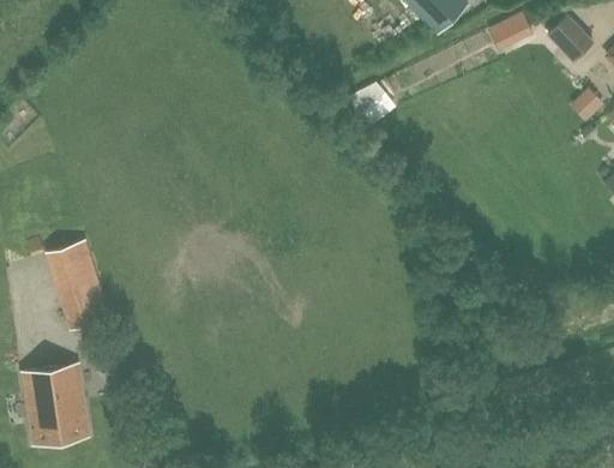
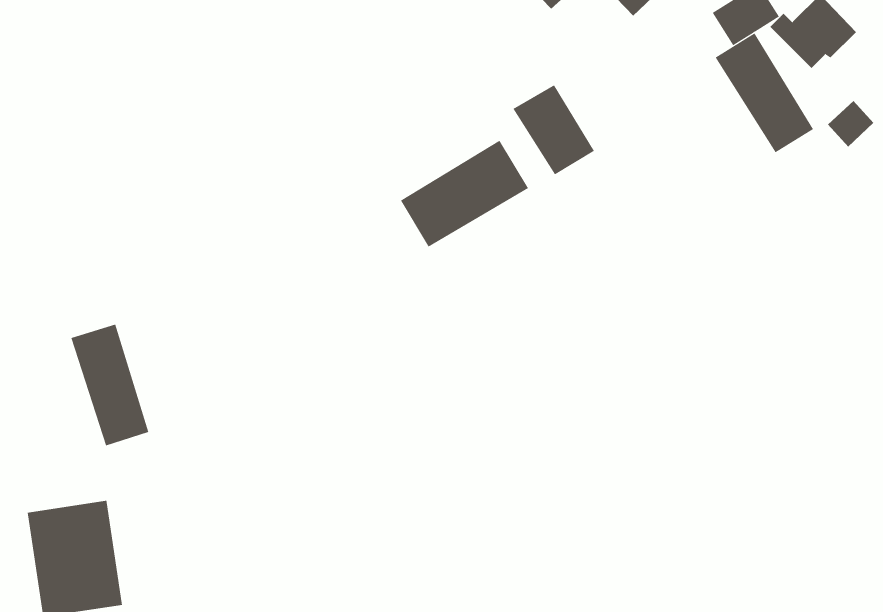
building: none -> [715,32,814,153]
building: none -> [400,140,529,247]

